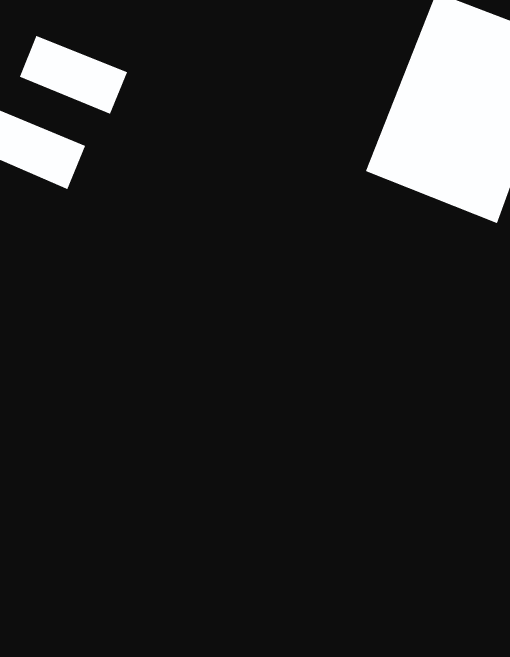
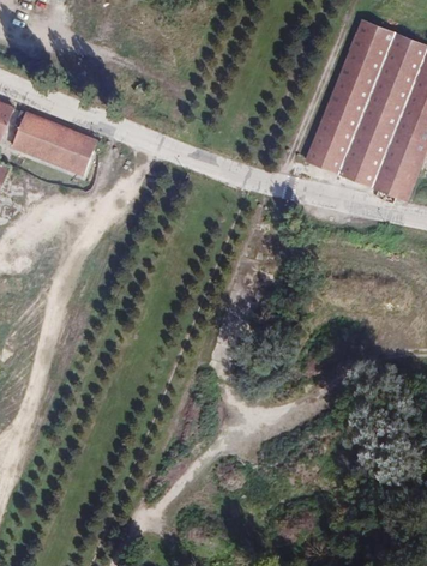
building: [19,35,128,115] -> none

